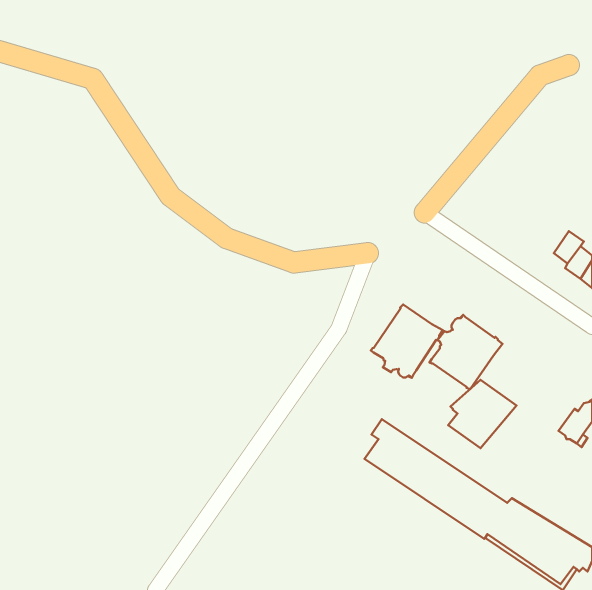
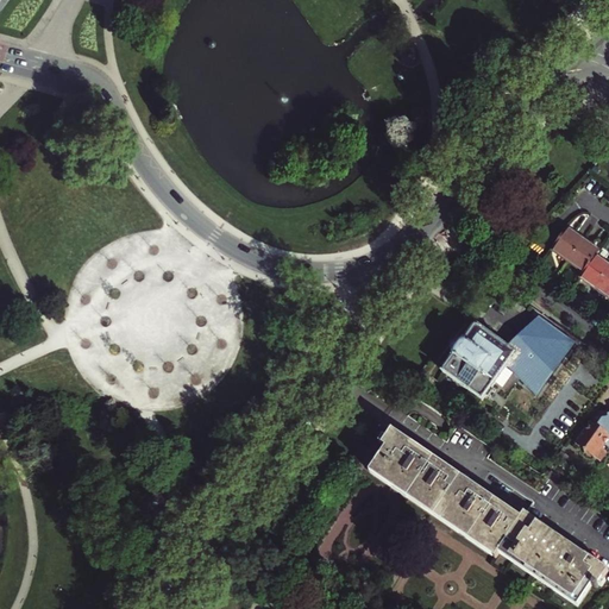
building: none -> [551,226,583,259]
building: [371,305,443,378] -> none
building: [448,380,517,448] -> [506,318,576,388]

